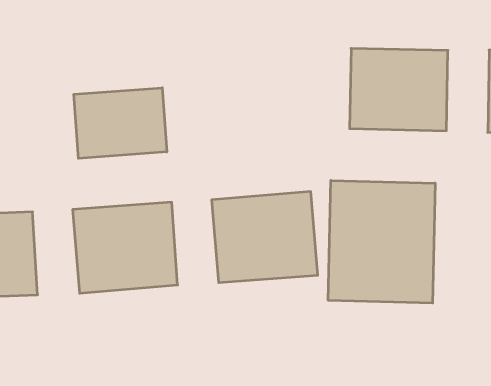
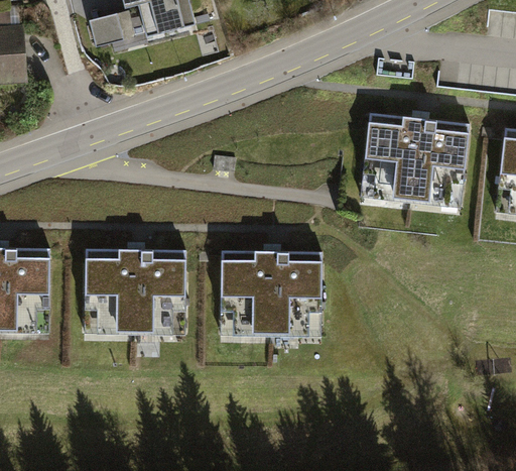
building: [74,88,167,158] -> none
building: [328,180,435,303] -> none

